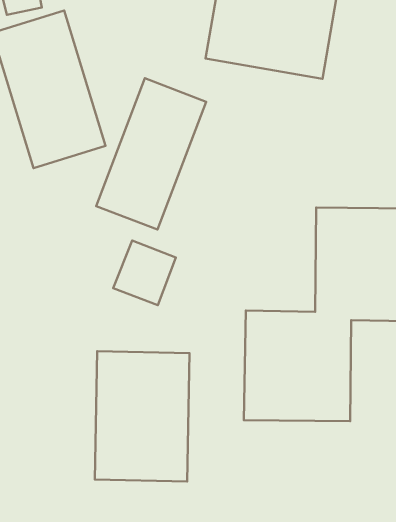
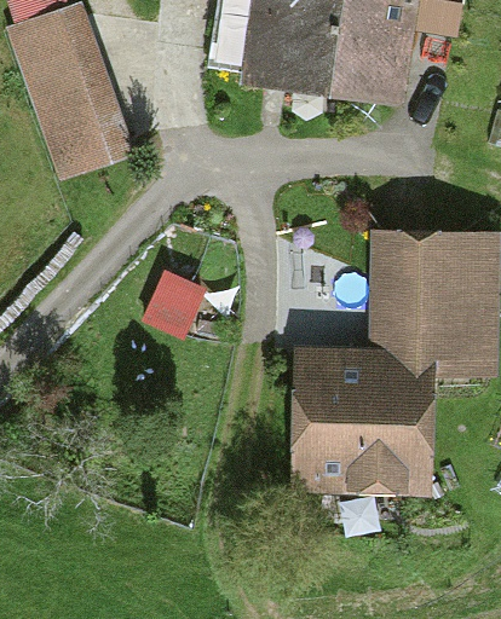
building: [96,78,206,230] -> none
building: [95,351,189,481] -> none

